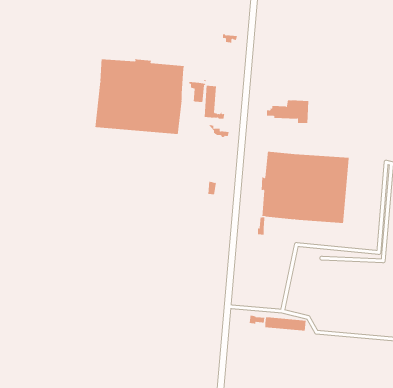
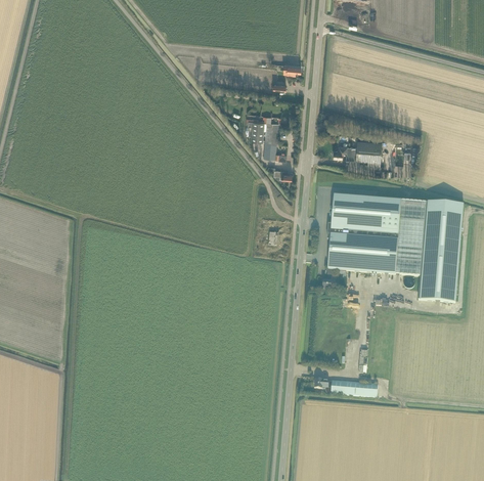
building: [95,58,185,135] -> none
building: none -> [417,200,463,300]

